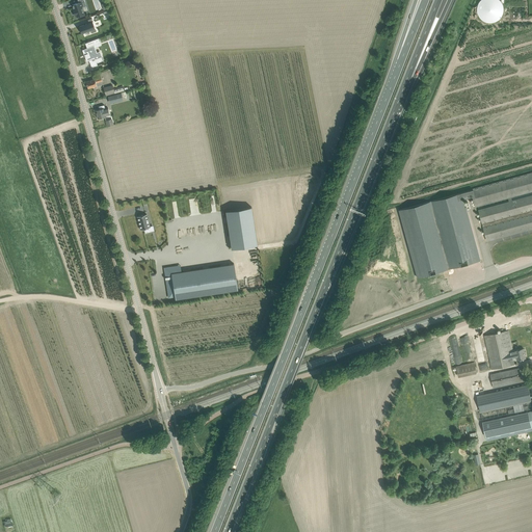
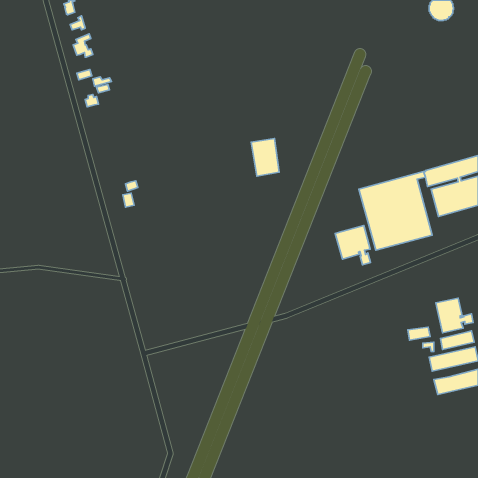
building: [224,208,256,249] -> [251,139,279,176]
building: none -> [335,226,370,265]
building: [163,265,237,300] -> none

